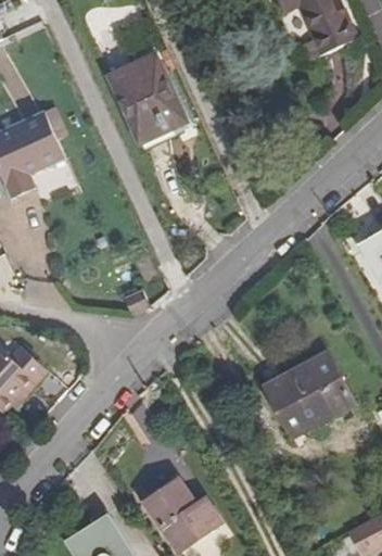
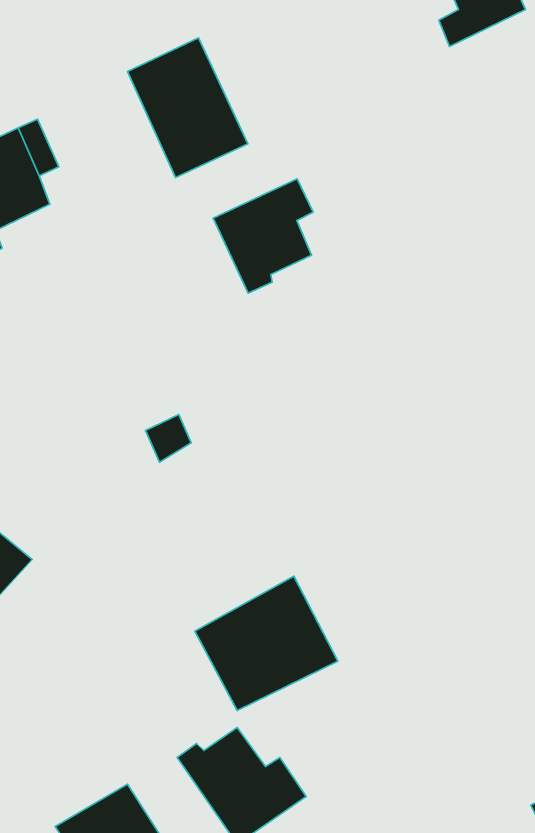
building: none -> [213,179,313,293]
building: [266,352,354,434] -> [195,576,338,711]

